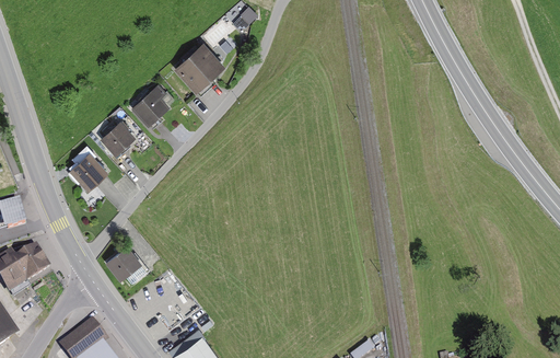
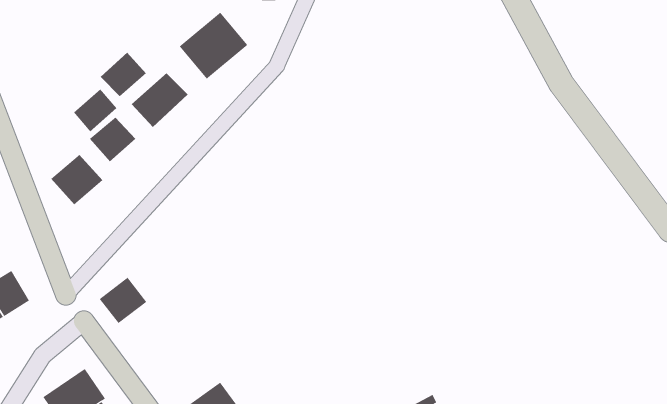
building: none -> [100,52,147,97]
building: none -> [73,88,117,132]

